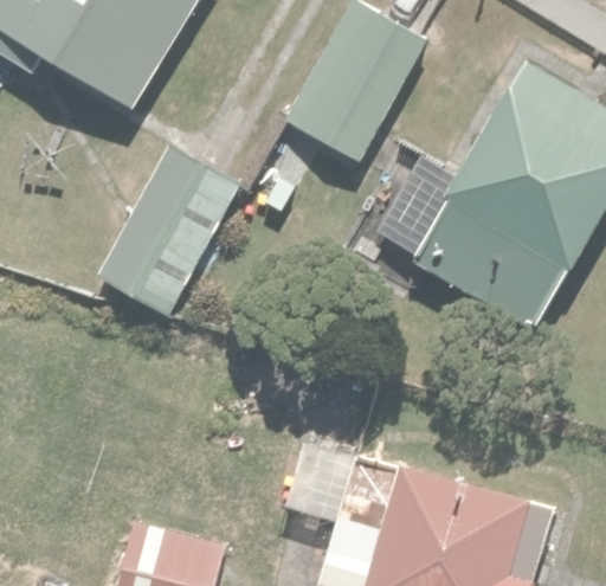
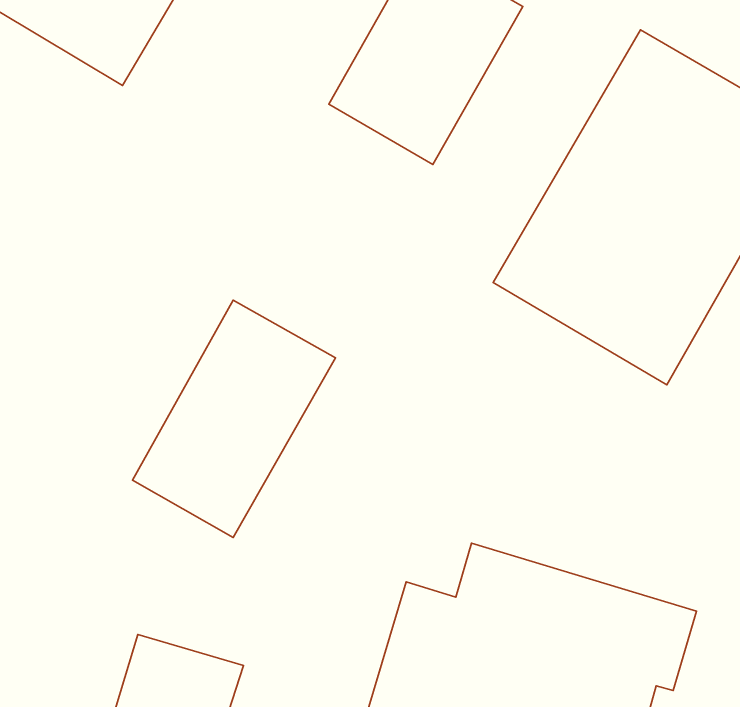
building: [91,137,246,318] -> [132,300,336,538]

